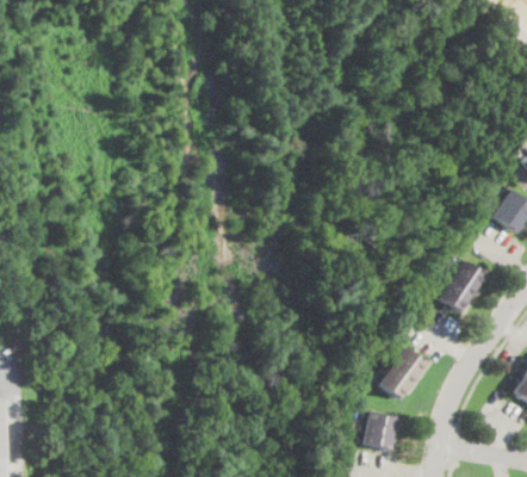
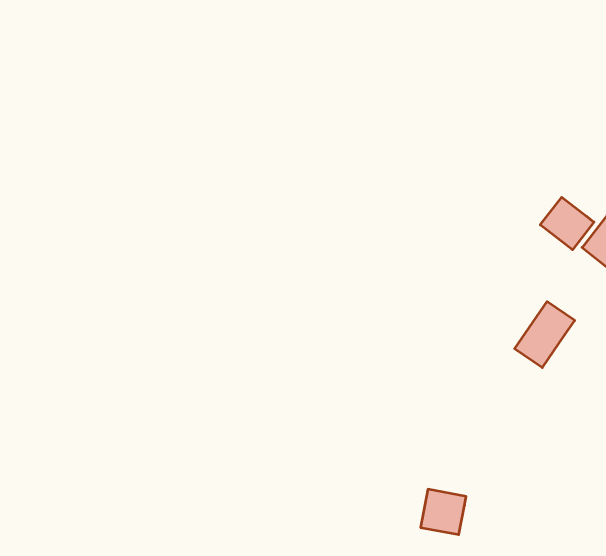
building: none -> [540,197,594,250]
building: [379,346,427,398] -> none

